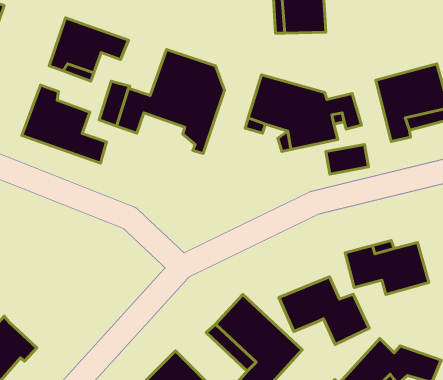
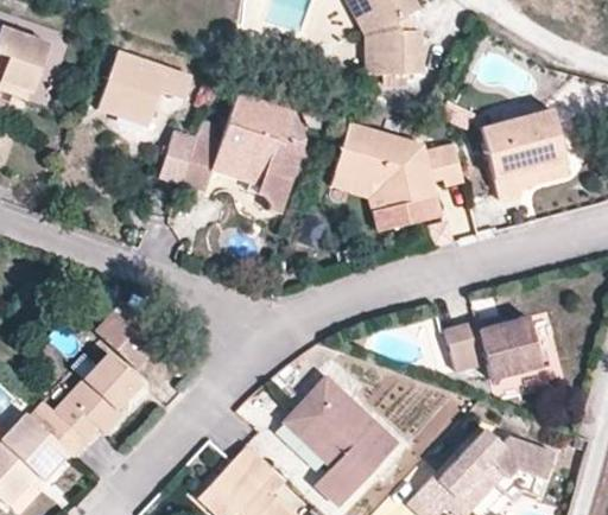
building: [22,85,107,163] -> none
building: none -> [94,310,154,368]
building: none -> [56,354,140,440]
building: [279,277,369,345] -> none

